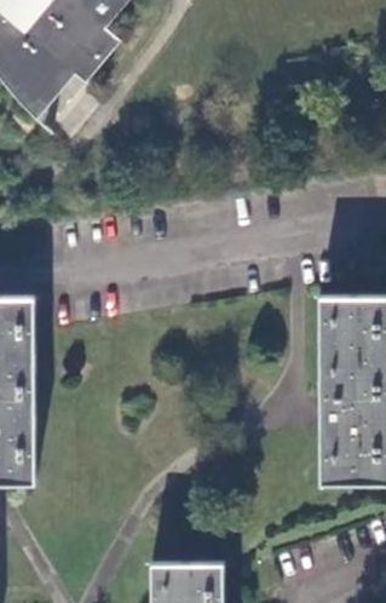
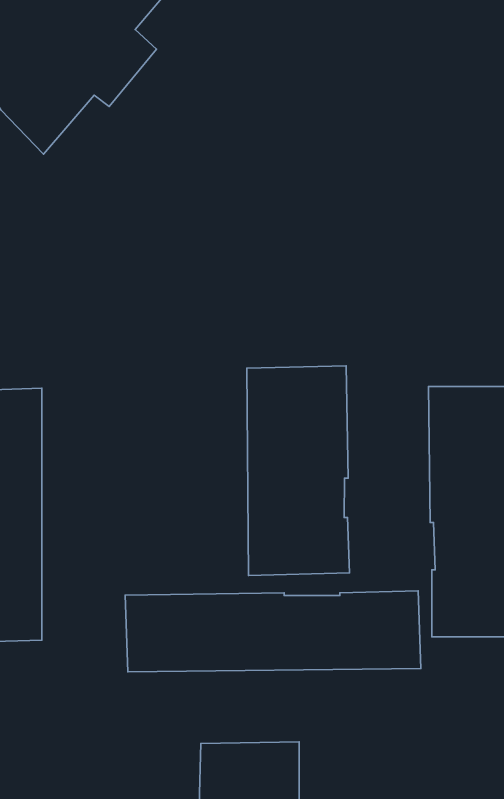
building: none -> [247,366,349,576]
building: none -> [125,591,421,672]

